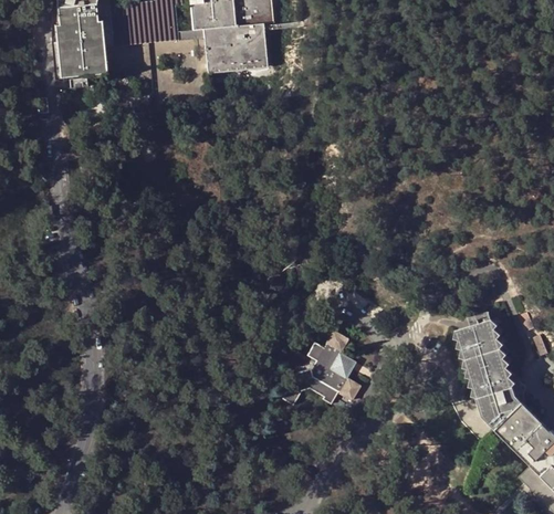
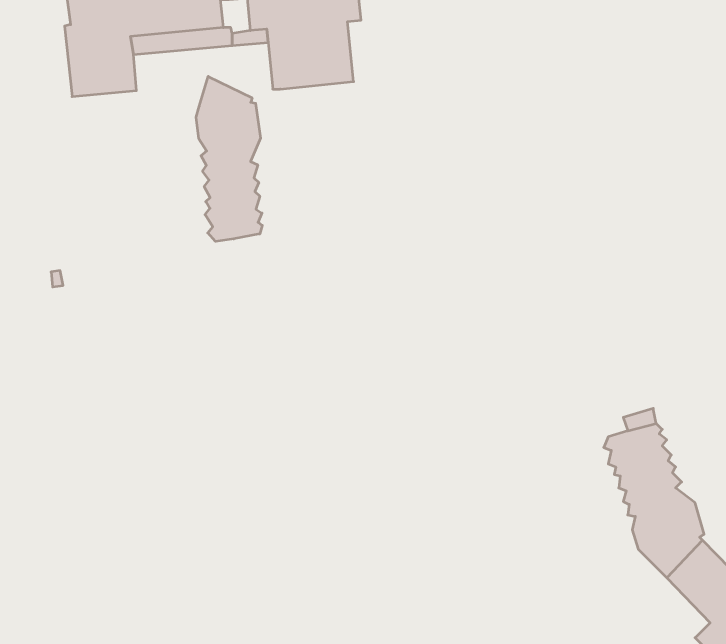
building: none -> [196,76,262,241]
building: [283,326,360,402] -> none

